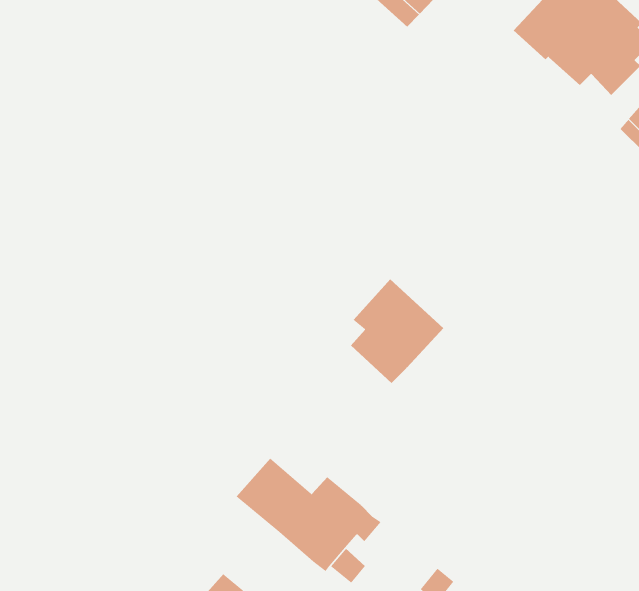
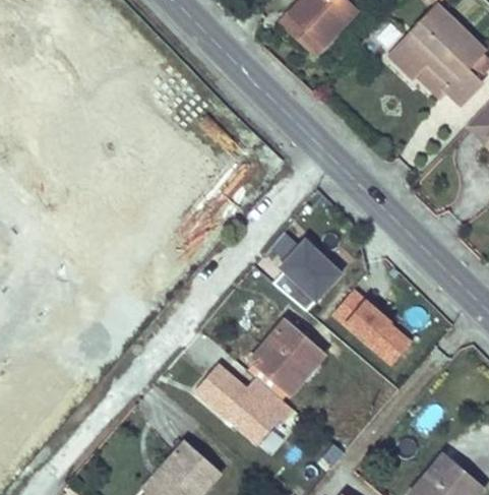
building: none -> [334,286,417,364]
building: none -> [249,314,327,394]

